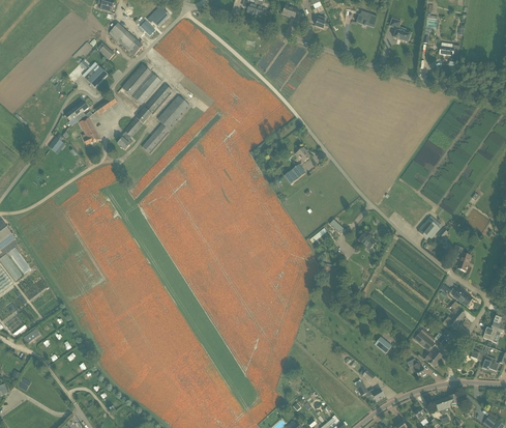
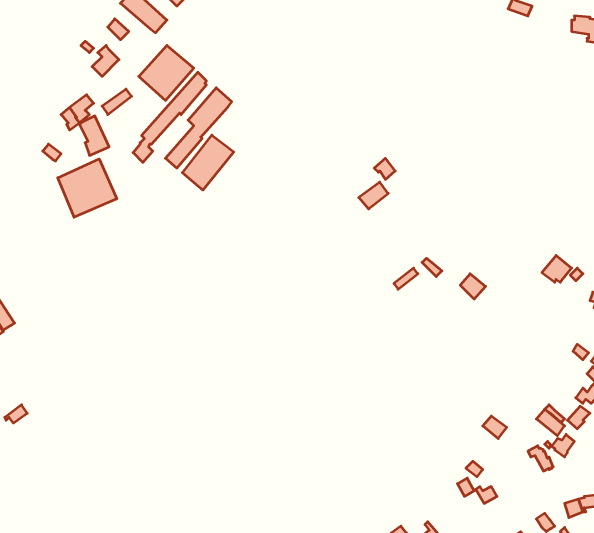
building: none -> [182,135,234,190]
building: none -> [58,159,117,217]

